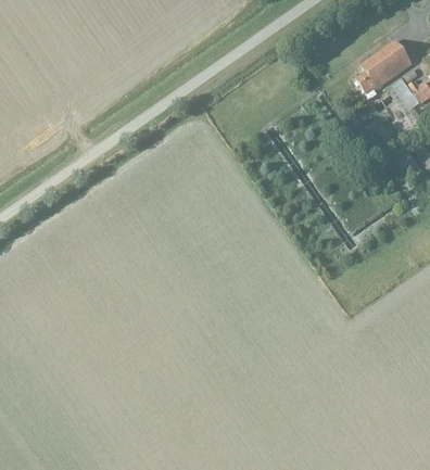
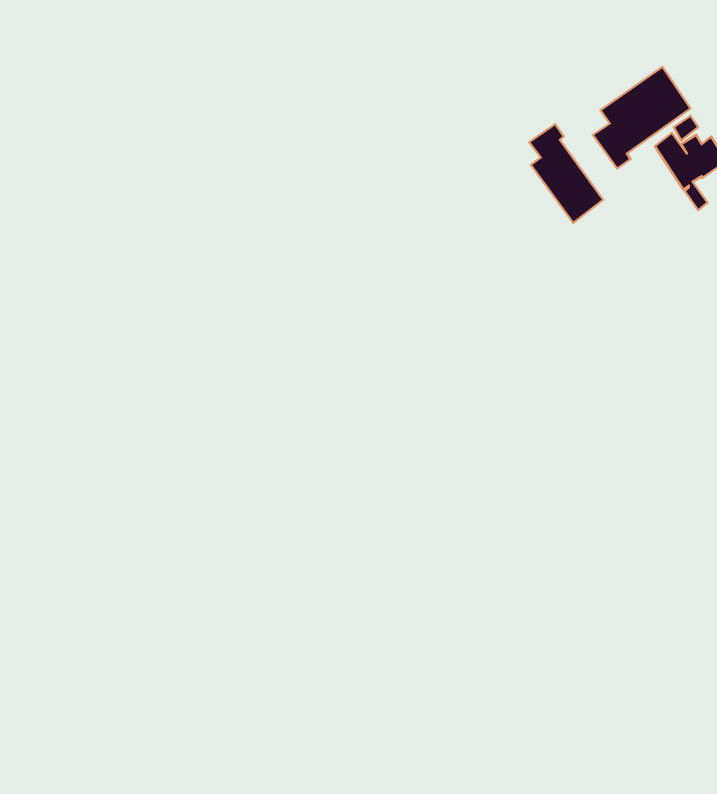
building: none -> [529,124,603,223]

